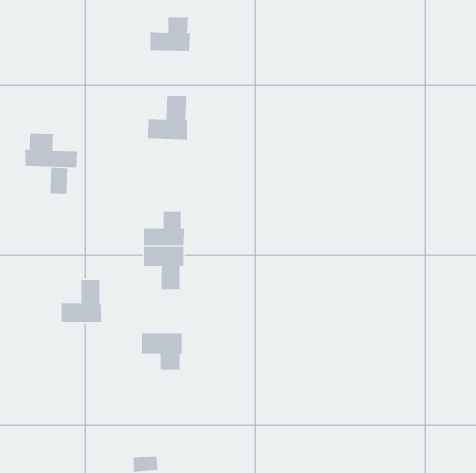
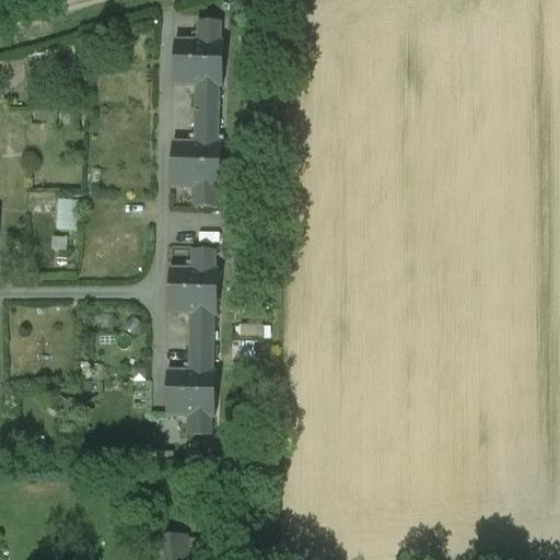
building: none -> [174,59,222,112]
building: [25,133,78,168] -> none
building: none -> [171,162,220,203]
building: [61,280,102,323] -> [165,339,213,389]

